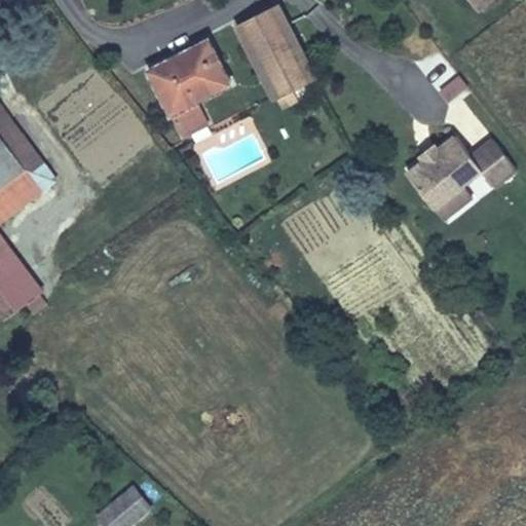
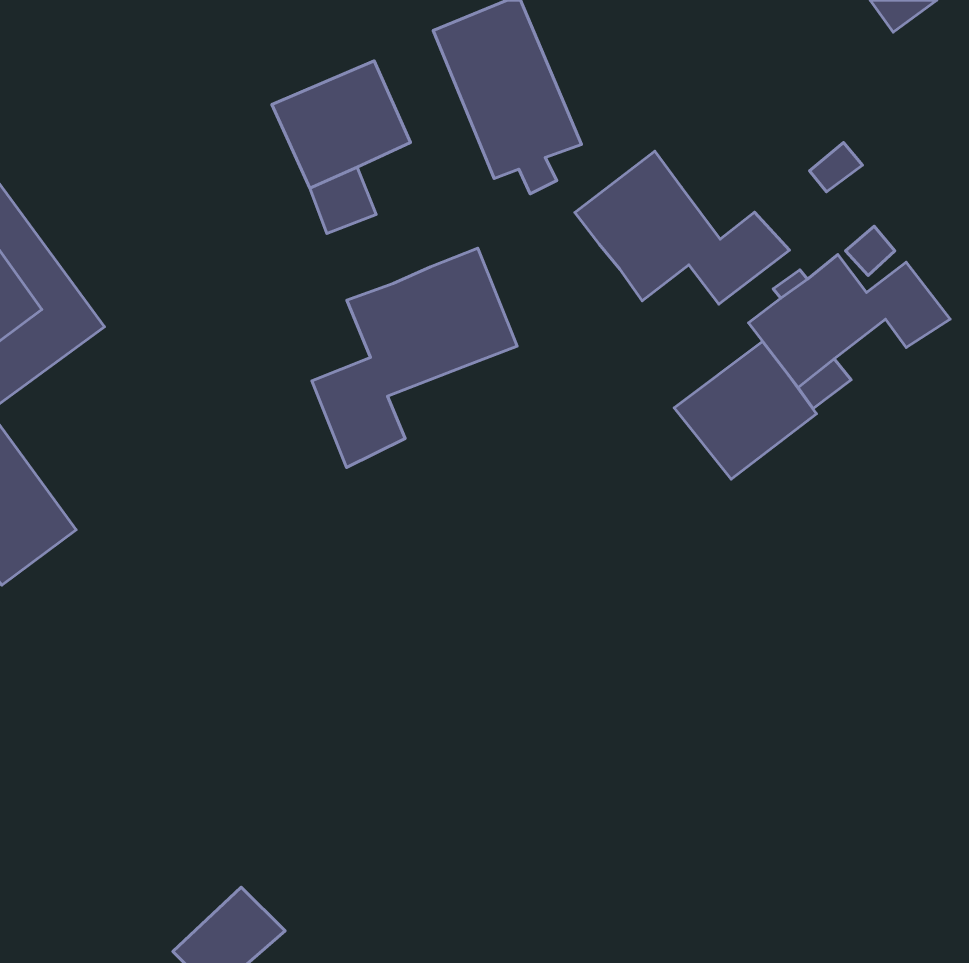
building: none -> [575,151,790,304]
building: none -> [312,248,517,468]
building: none -> [674,341,817,479]

